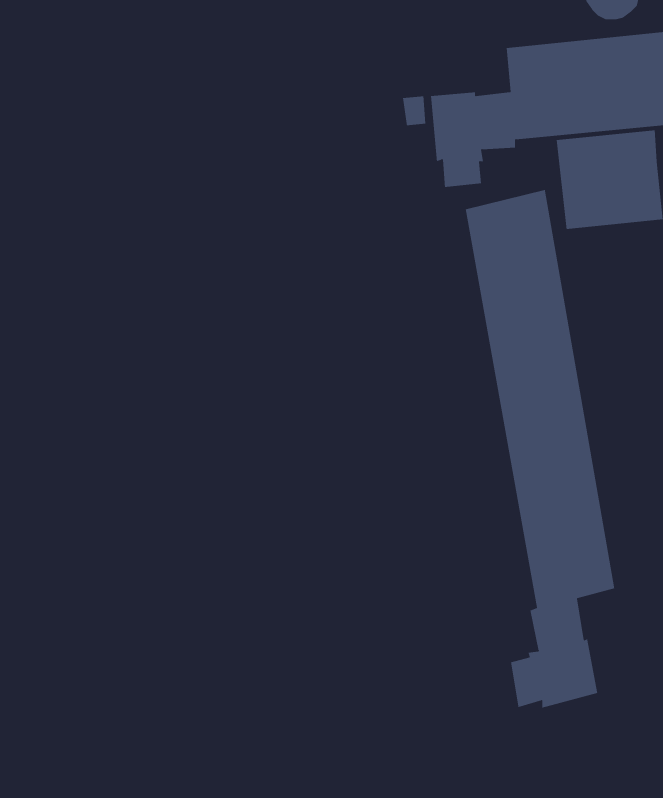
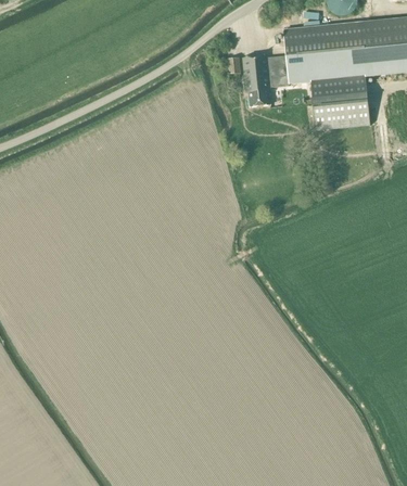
building: [465,189,615,708] -> none

